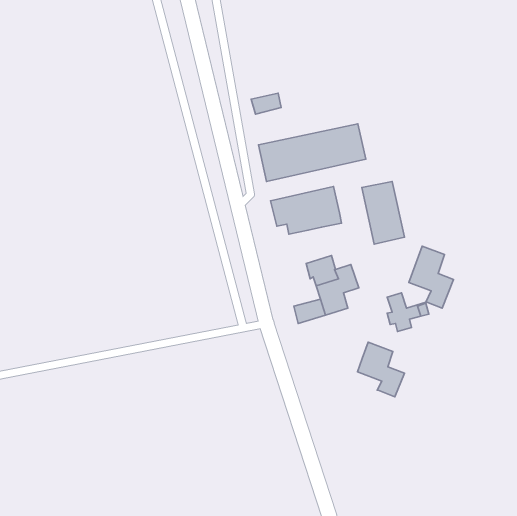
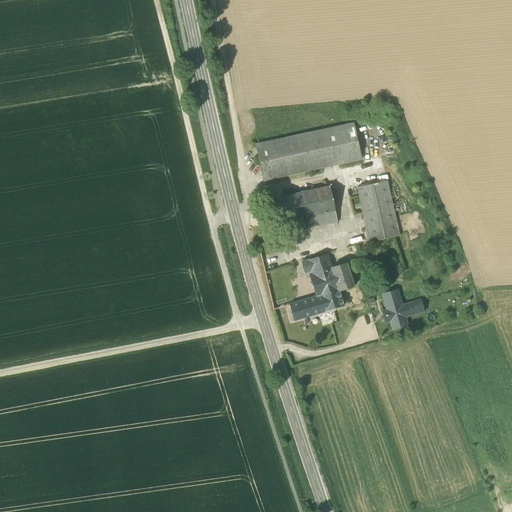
building: [251,93,281,114] -> none
building: [409,246,454,308] -> none
building: [357,342,404,397] -> none

